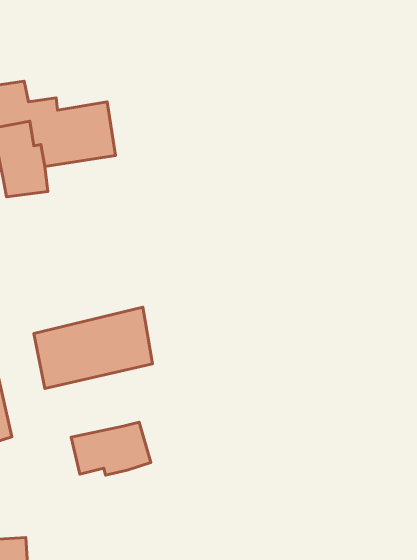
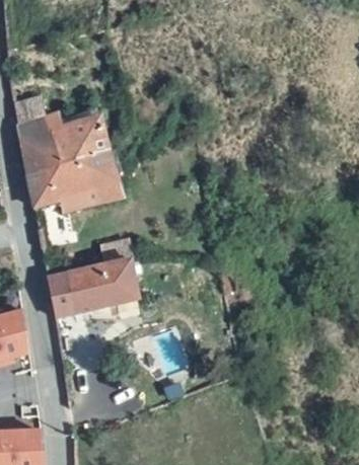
building: none -> [27,147,124,209]
building: [71,422,151,475] -> none

